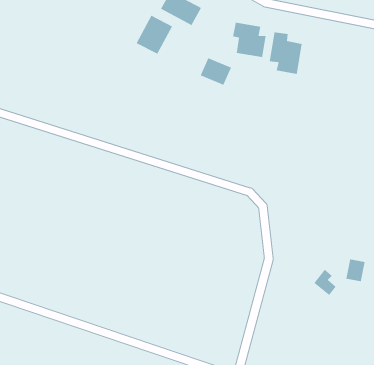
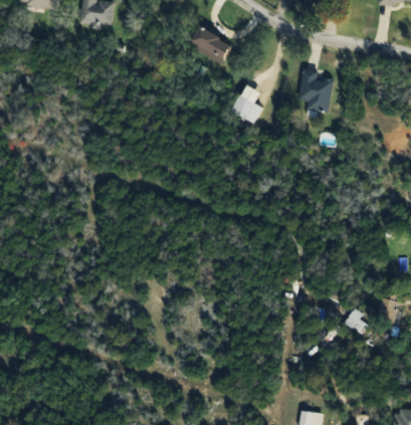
building: [136,15,173,55] -> none
building: [232,22,266,58] -> none

